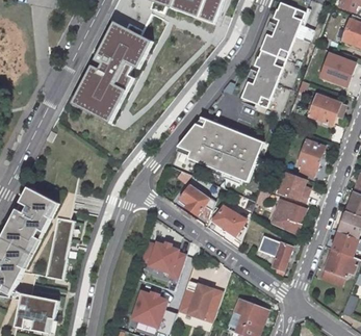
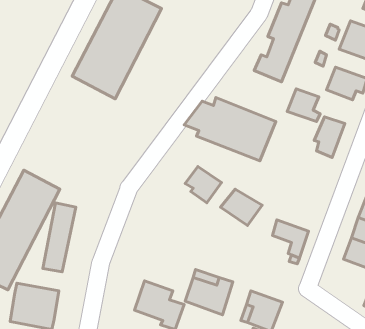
building: [277,171,307,201] -> [287,89,320,122]
building: [269,199,308,236] -> none
building: [141,241,184,278] -> none

